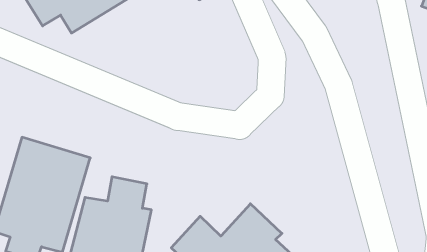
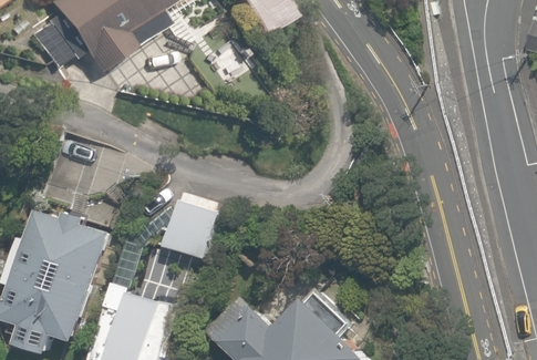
building: none -> [163,194,223,259]

